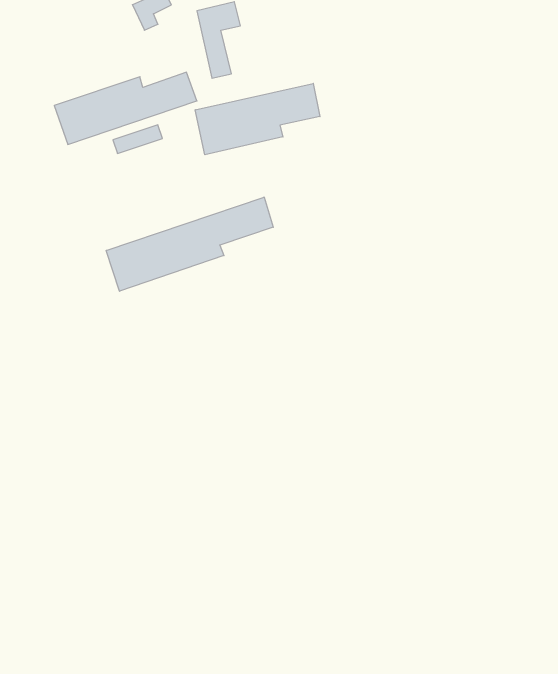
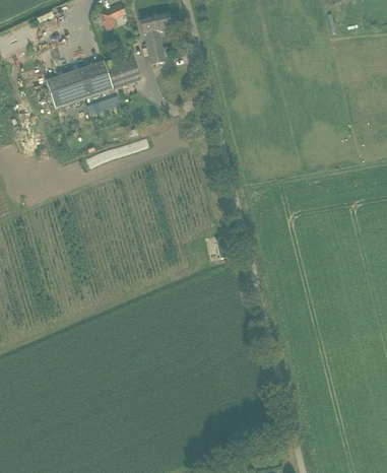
building: [195,83,320,155] -> none
building: [106,197,273,291] -> none

